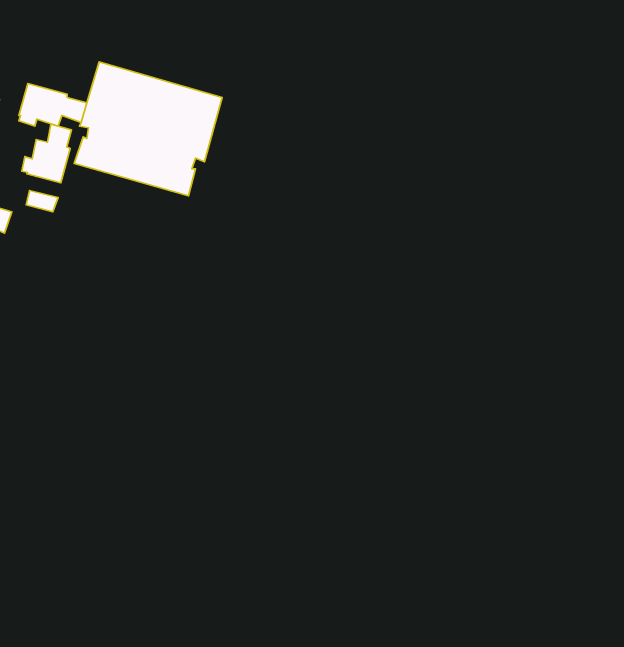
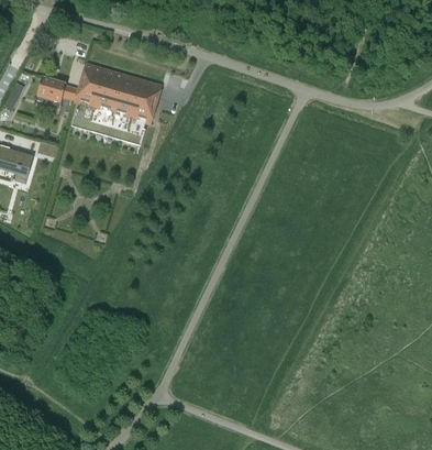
building: [22,124,71,183] -> none

